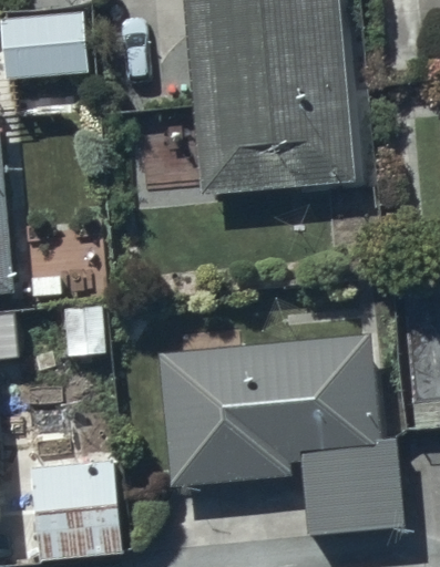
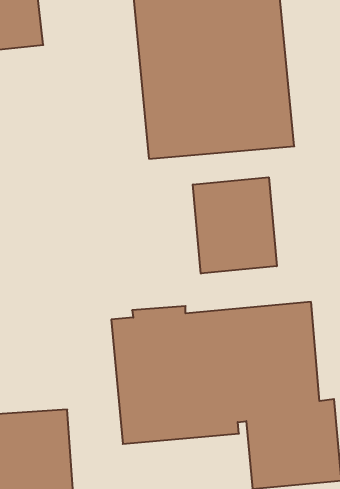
building: none -> [193,177,277,274]

